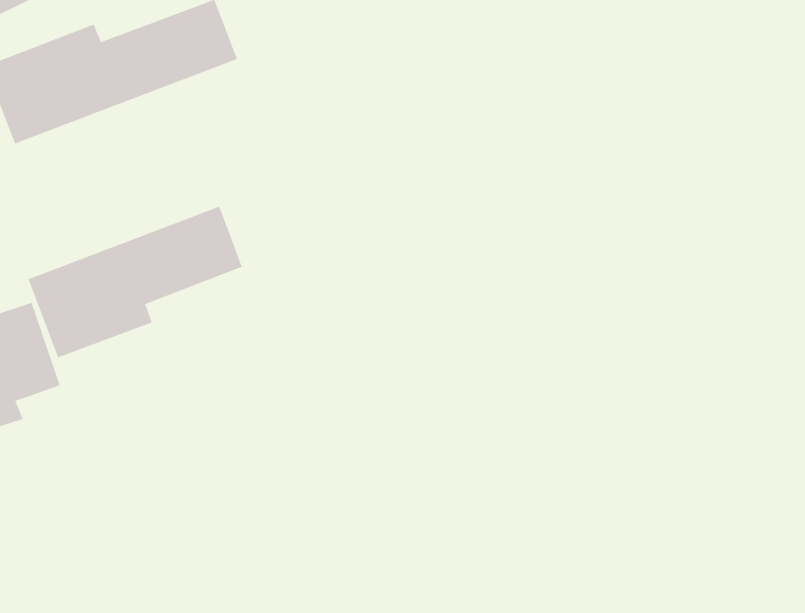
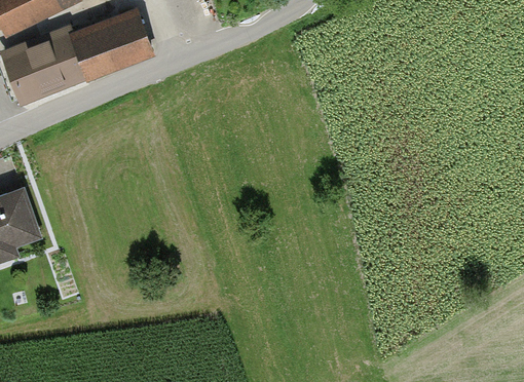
building: [28,206,243,358] -> none

